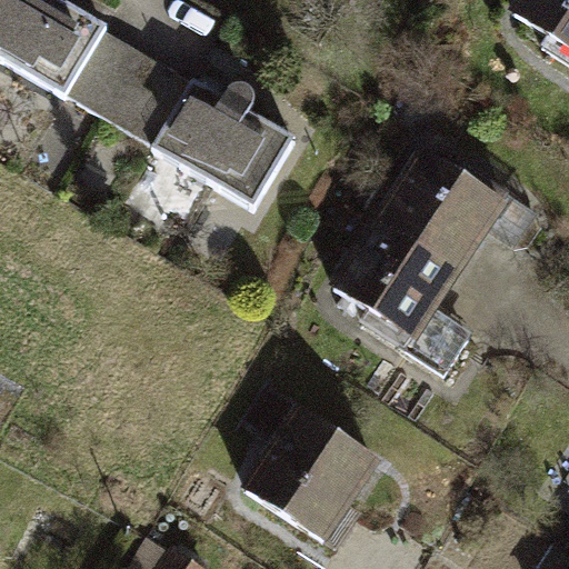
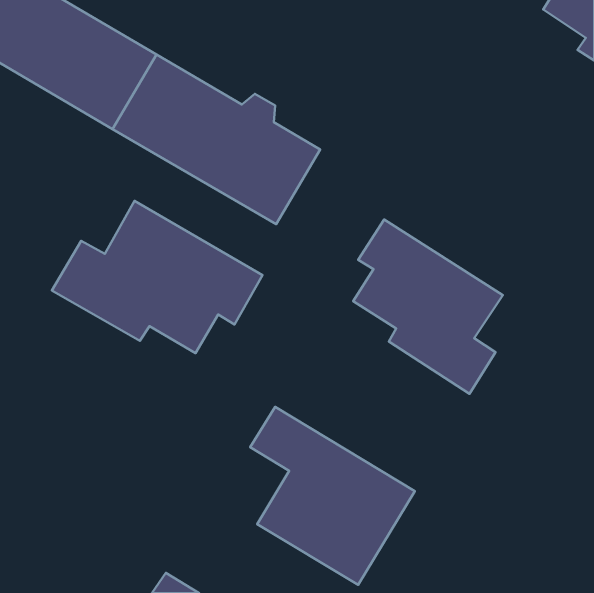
building: [360,148,515,277] -> none
building: none -> [52,201,263,353]

